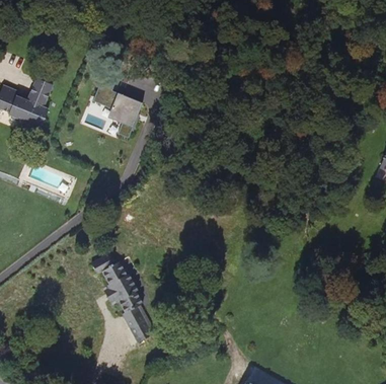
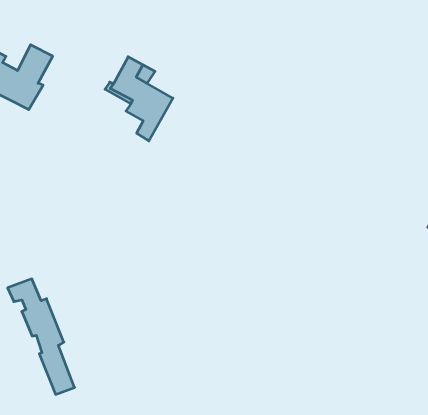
building: [92,251,153,339] -> [8,279,75,394]

